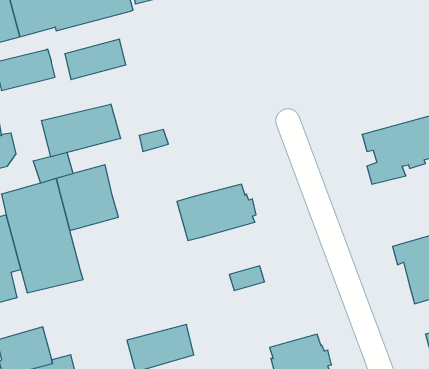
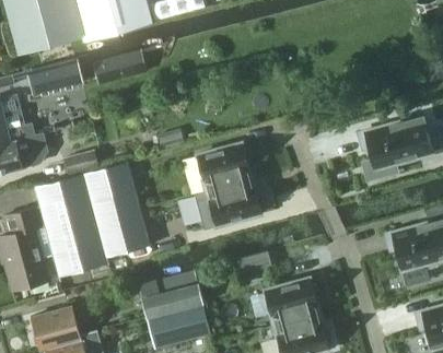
building: [42,104,121,157] -> none
building: none -> [197,142,252,189]
building: none -> [96,208,150,256]
building: none -> [139,270,201,318]
building: none -> [265,278,319,325]

